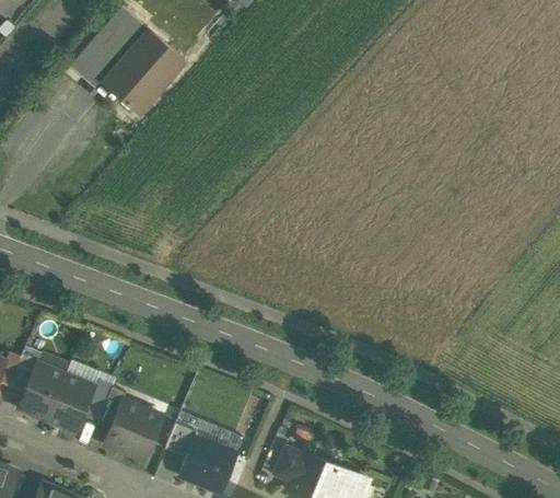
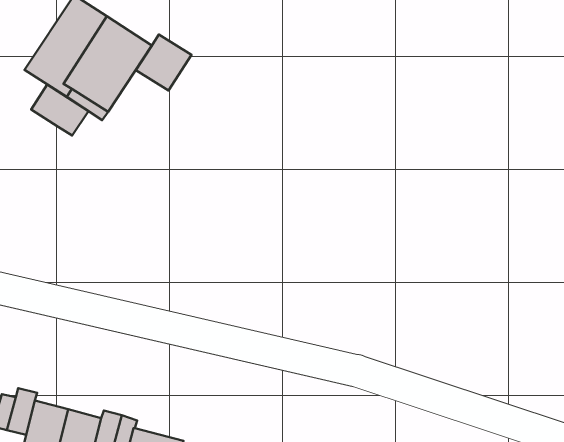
building: none -> [136,34,191,90]
building: none -> [31,84,88,135]

